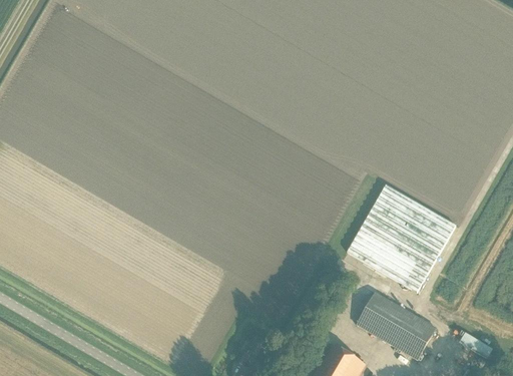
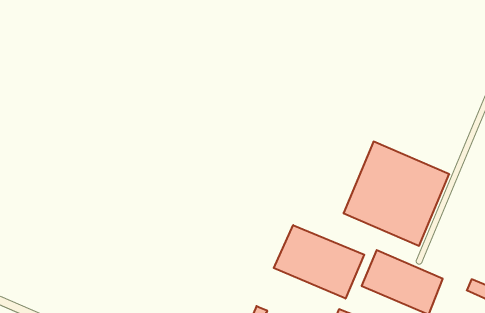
building: none -> [274,225,364,299]

